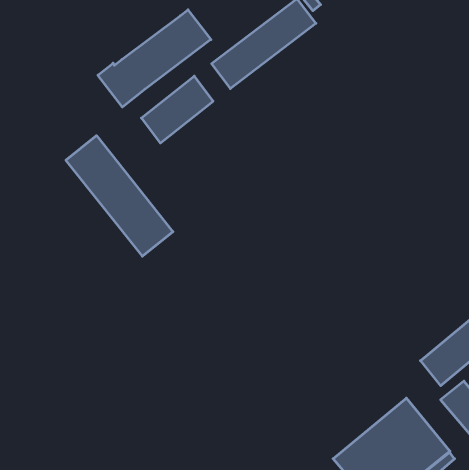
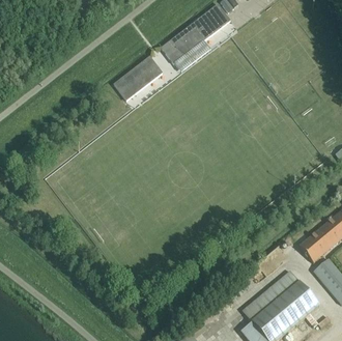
building: [98,10,211,107] -> none
building: [66,136,173,256] -> none

